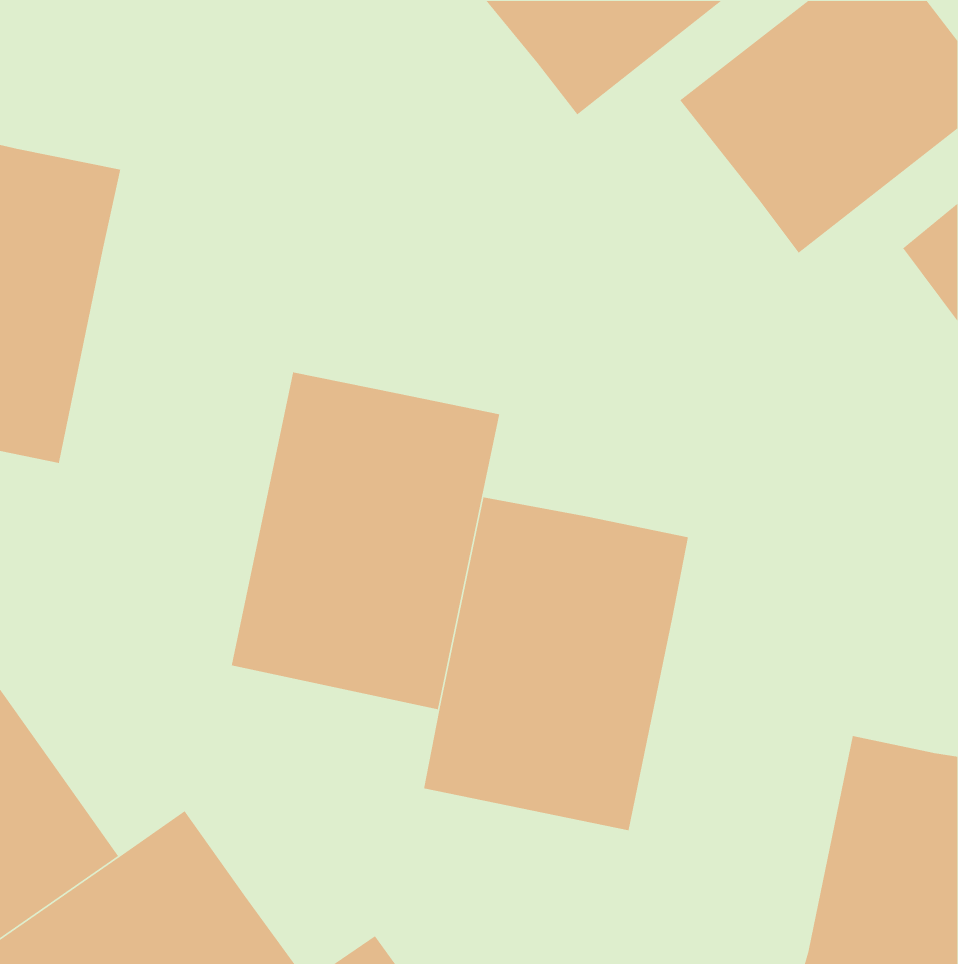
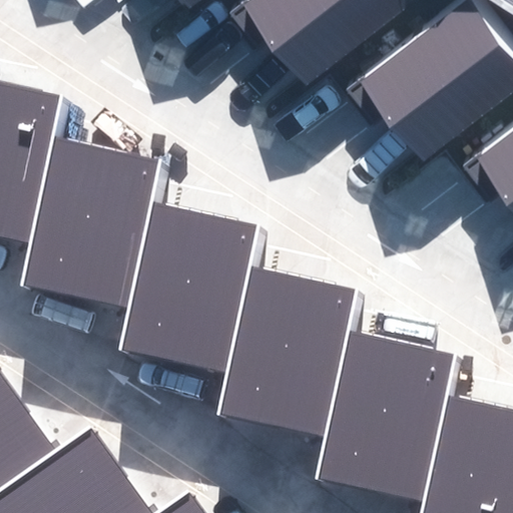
building: none -> [23,139,160,314]
building: none -> [320,332,452,505]

